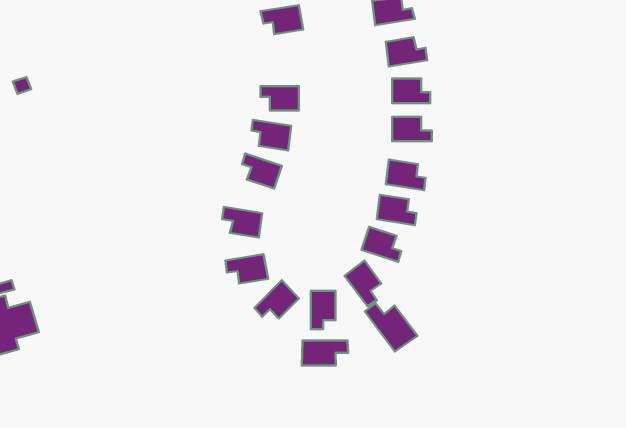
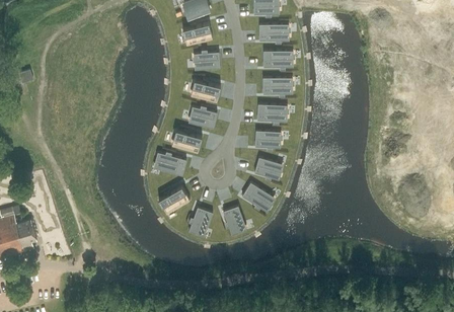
building: none -> [184,52,211,68]
building: [365,303,417,352] -> none
building: [302,340,348,365] -> none

